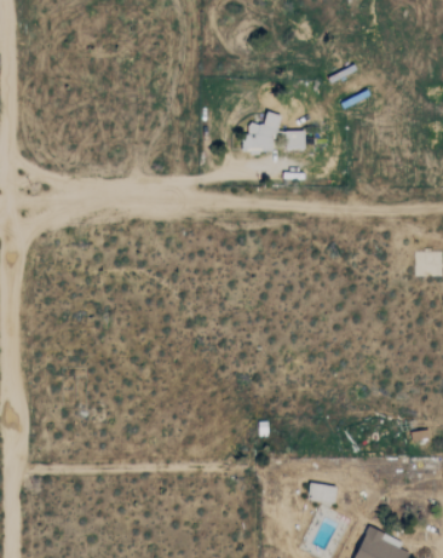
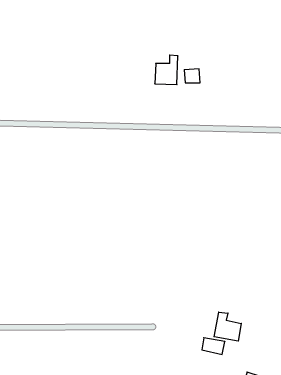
building: none -> [214,312,241,341]

